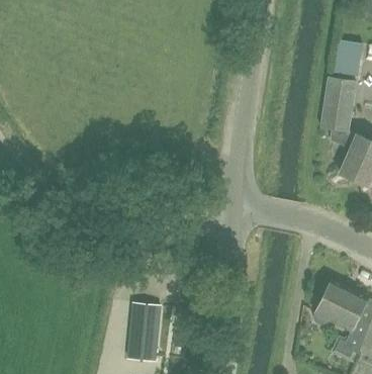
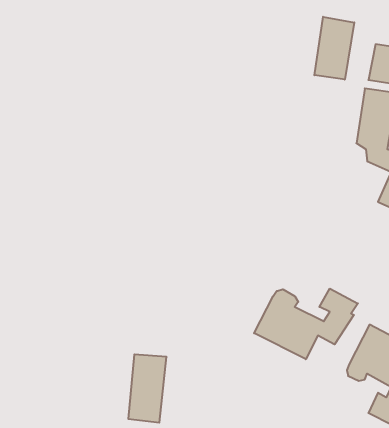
building: none -> [314,17,354,80]
building: none -> [254,289,358,359]

